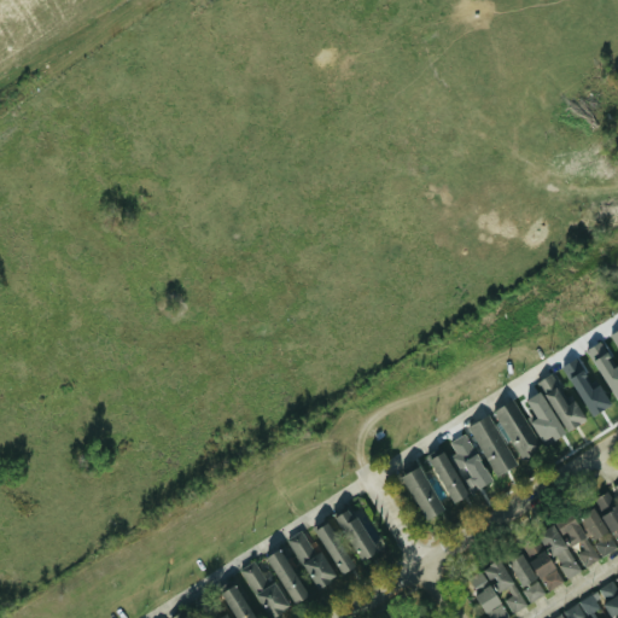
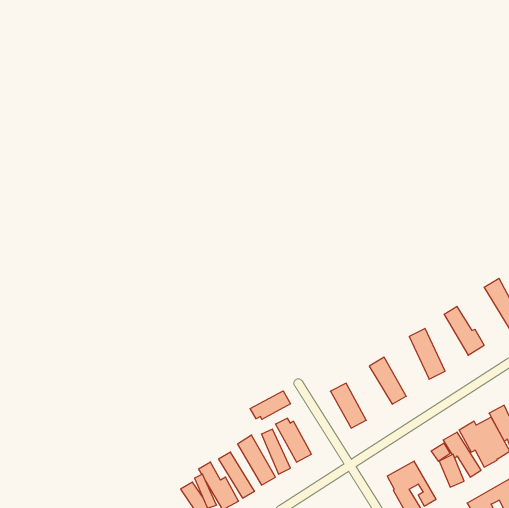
building: [565,358,611,416] -> none
building: [526,391,565,445] -> none
building: [470,414,518,477] -> none
building: [430,451,467,503] -> none
building: none -> [250,391,290,419]
building: [508,553,547,602] -> none

